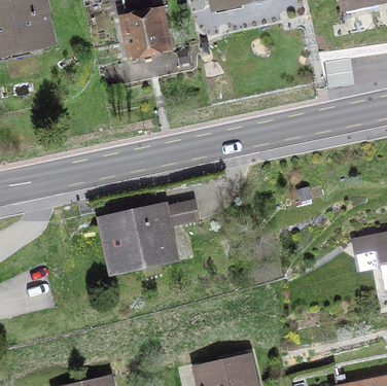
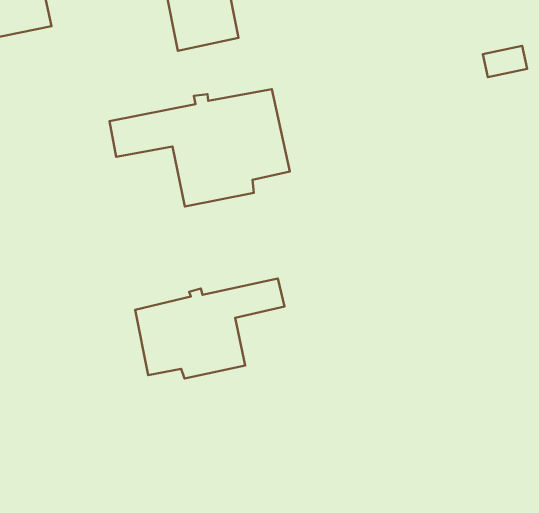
building: none -> [110,89,290,206]

